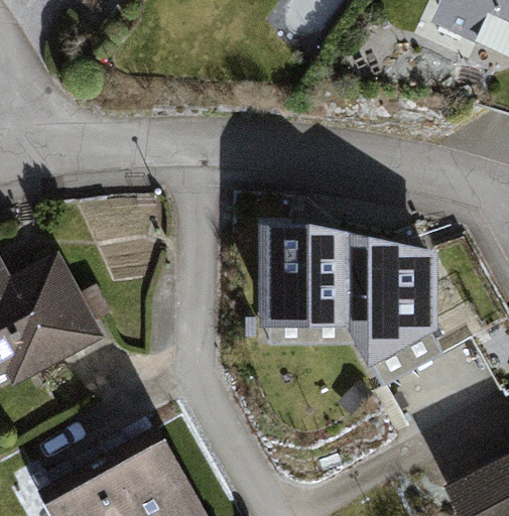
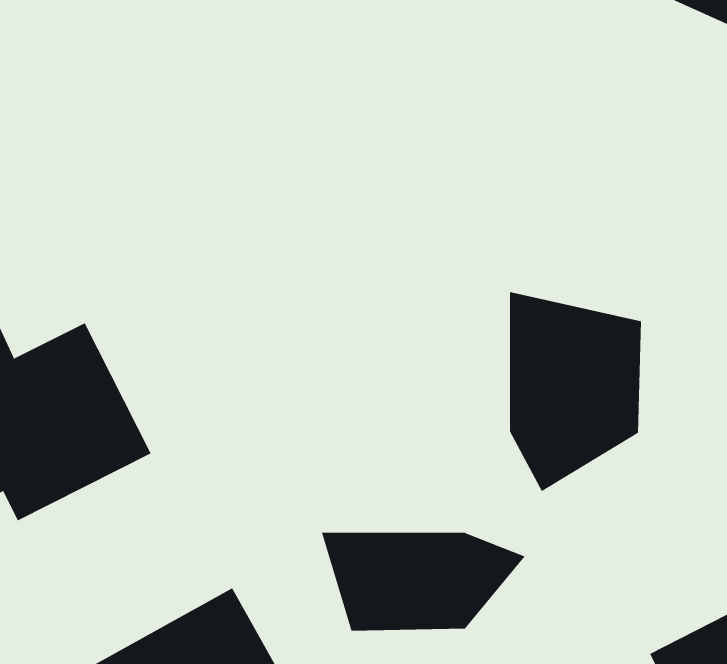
building: [259,224,349,329] -> none
building: none -> [321,532,525,631]

